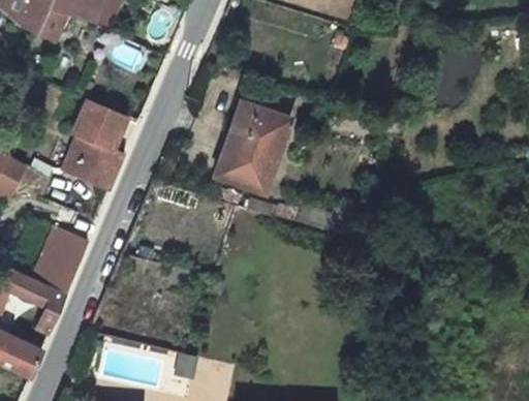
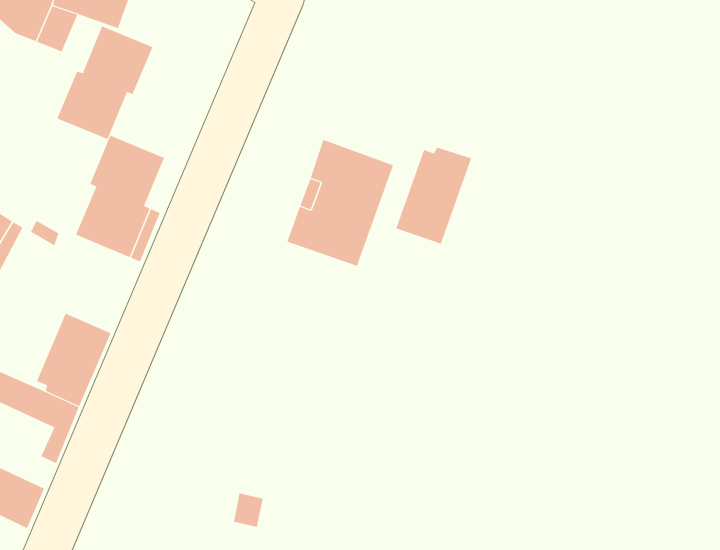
building: none -> [57,26,153,140]
building: none -> [395,147,472,245]

